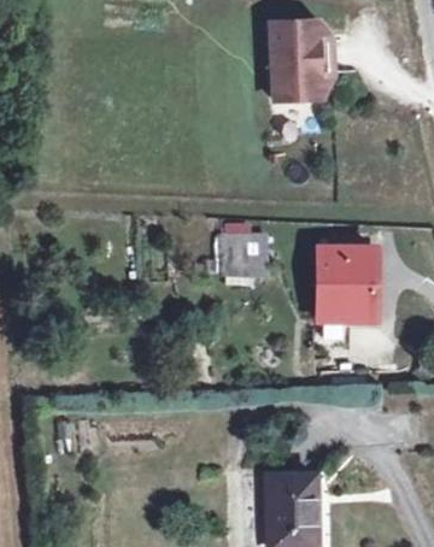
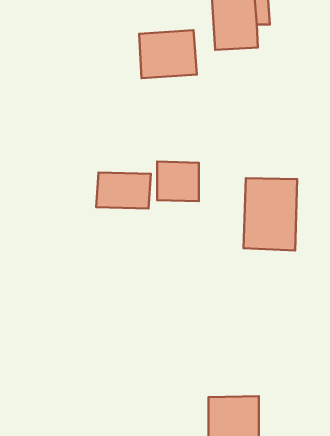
building: none -> [139,30,197,78]
building: none -> [96,173,151,209]

